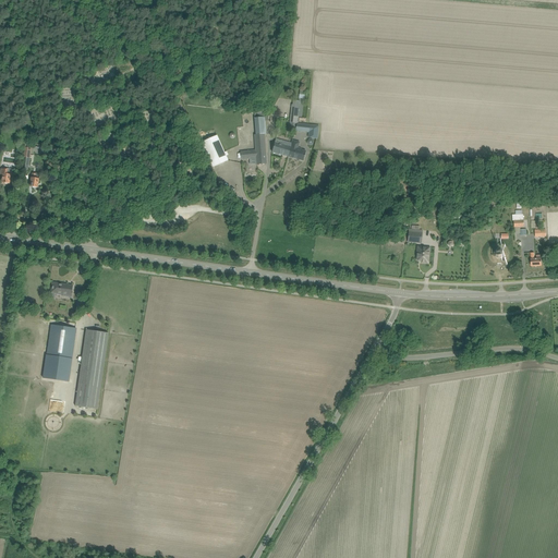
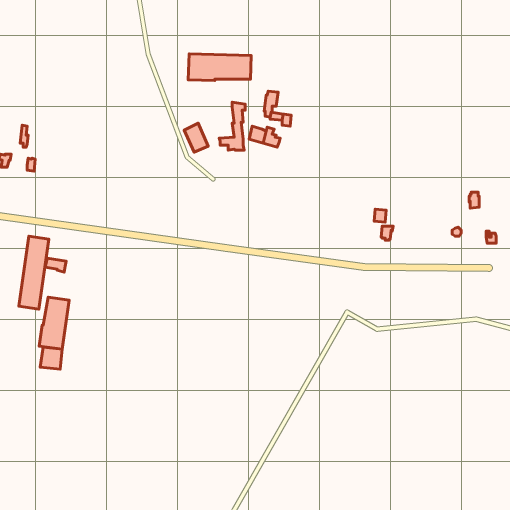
building: none -> [188,54,251,80]
building: [74,329,107,409] -> [19,236,49,309]

